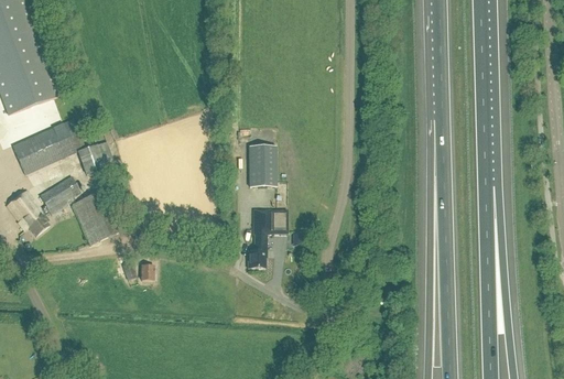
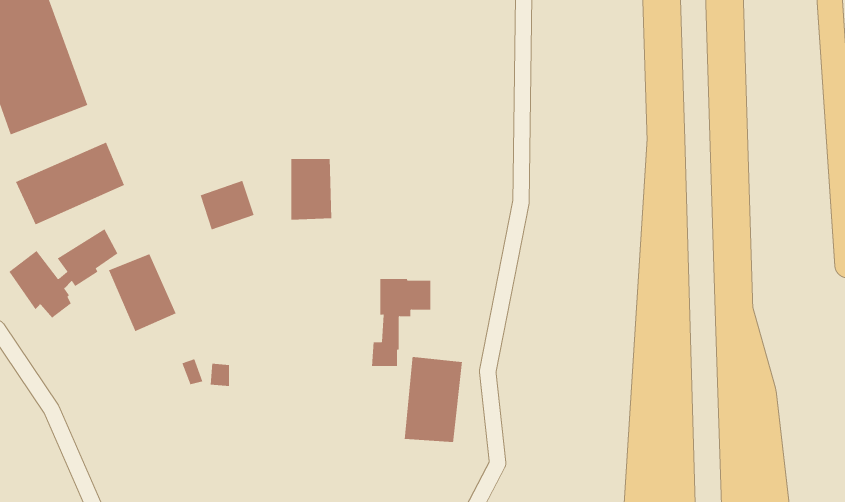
building: [77,142,113,175] -> [200,180,255,230]
building: [248,147,275,187] -> [291,159,332,220]
building: none -> [404,356,462,443]

